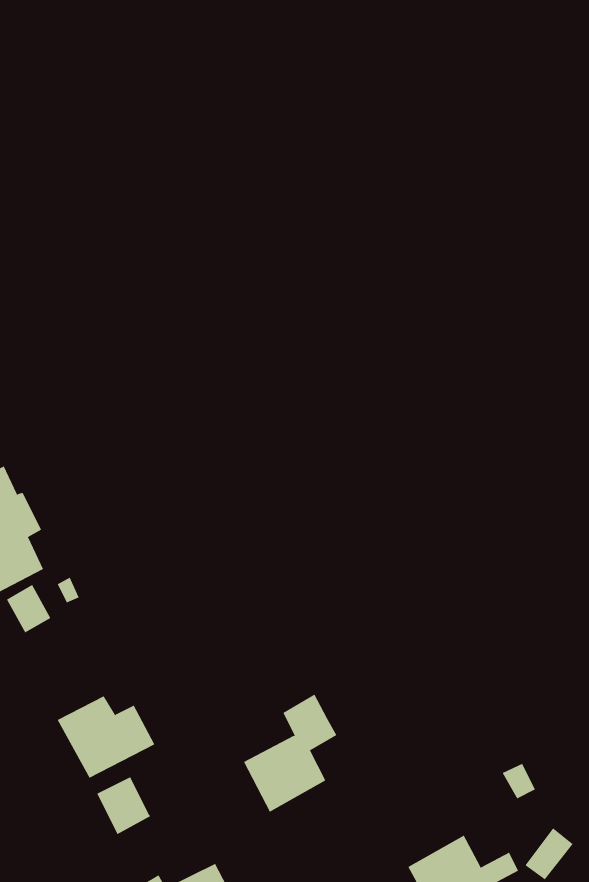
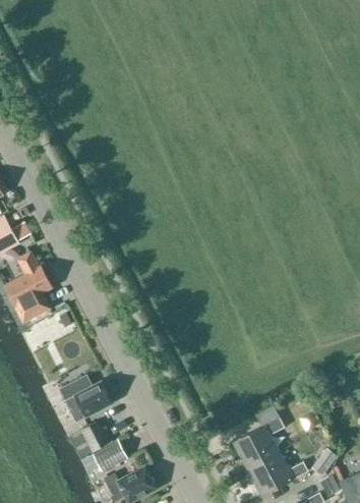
building: [243,694,337,813] -> [233,405,284,469]
building: none -> [92,440,126,471]

